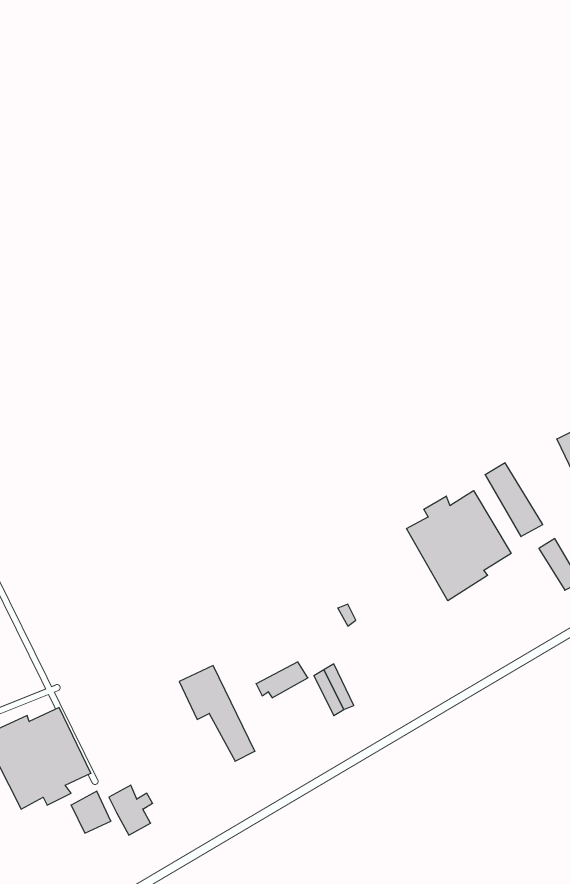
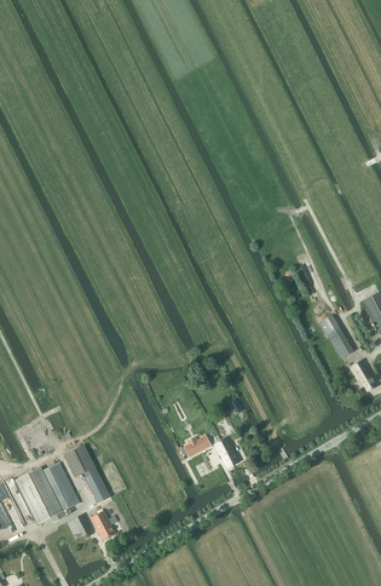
building: [407,491,511,601] -> none
building: [179,666,255,761] -> [64,444,110,502]

